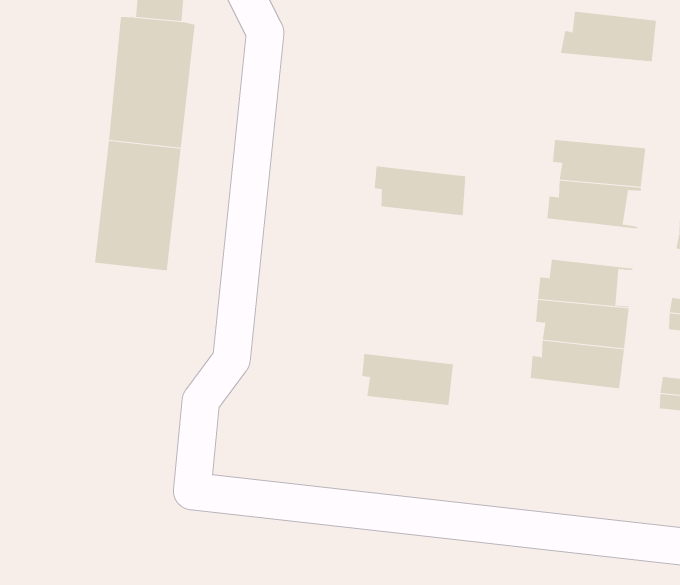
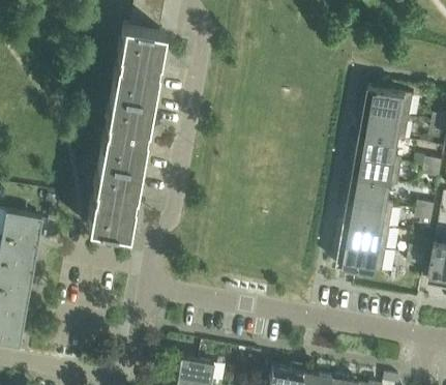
building: [560,11,657,62] -> [360,88,415,119]
building: [374,166,466,216] -> [351,154,403,185]
building: none -> [88,161,141,236]
building: [361,354,454,405] -> [335,242,387,274]

